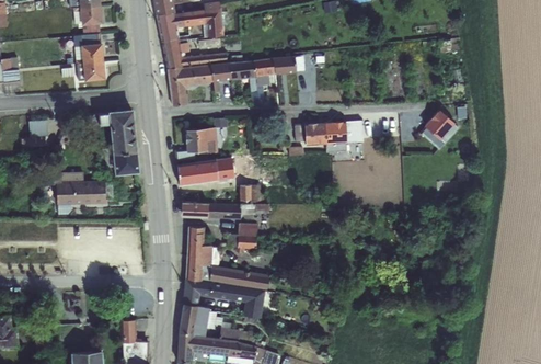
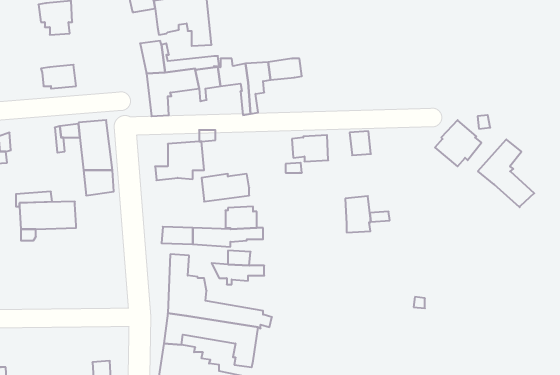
building: [157,12,180,43] -> none
building: [73,34,104,65] -> none
building: [325,121,347,152] -> [345,196,370,232]
building: none -> [478,139,534,207]
building: [177,160,218,186] -> none

